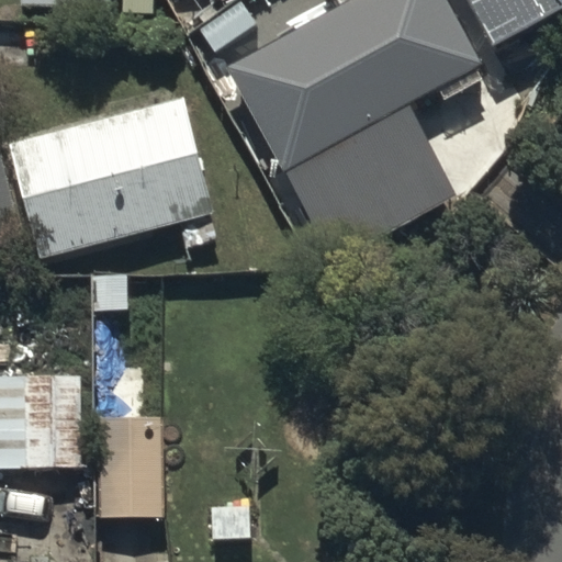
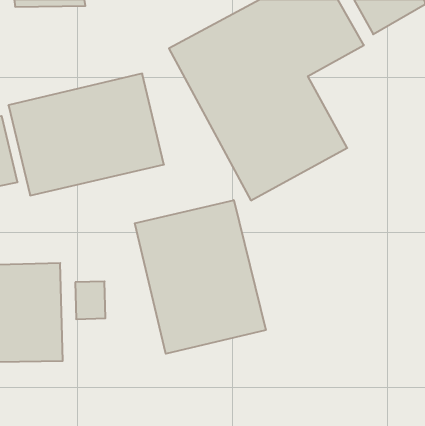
building: none -> [135,200,266,354]
building: [95,424,166,524] -> none

